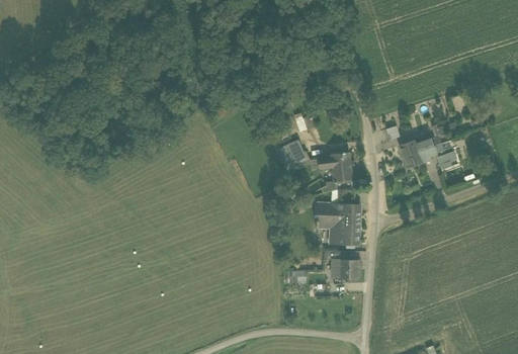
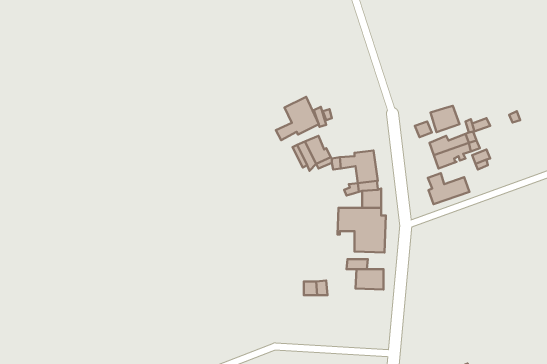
building: none -> [276,97,319,140]
building: none -> [430,106,460,132]
building: none -> [428,173,470,204]

